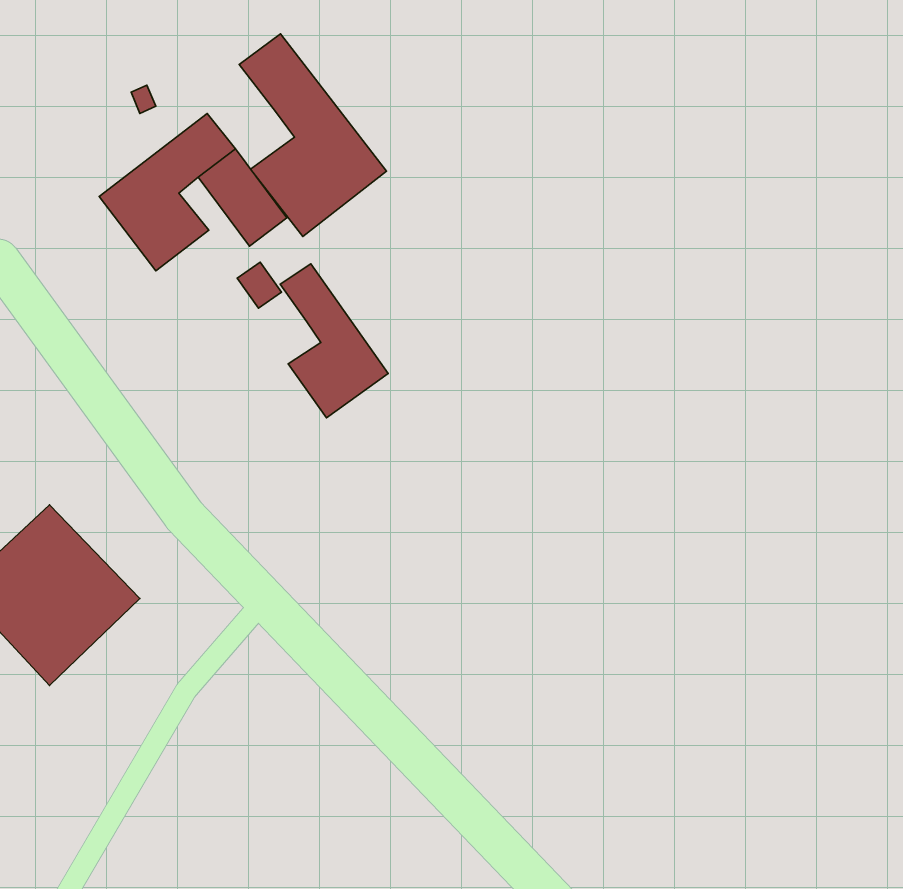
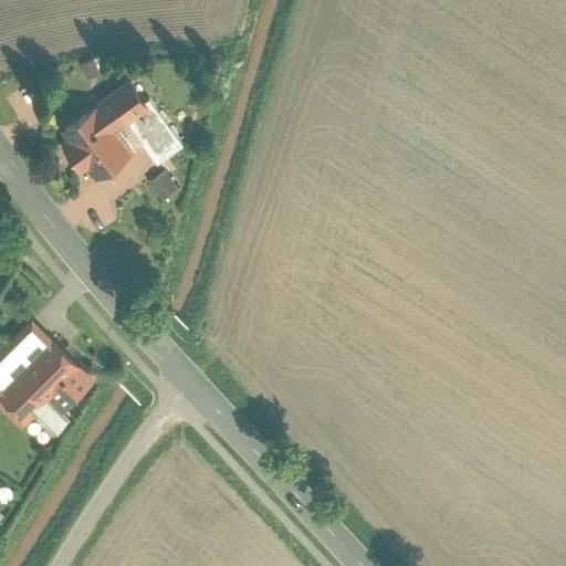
building: [239,34,386,237] -> none
building: [280,264,388,418] -> none

